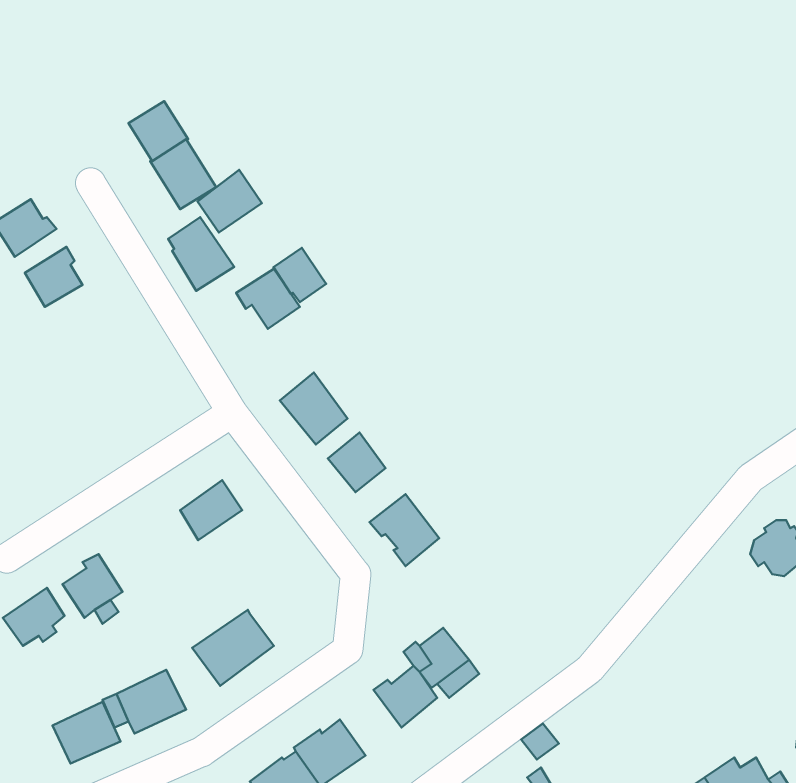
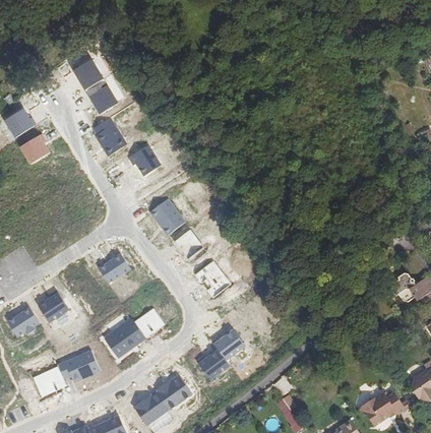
building: [198,170,262,232] -> none
building: [273,248,326,302] -> none
building: none -> [134,306,165,336]

